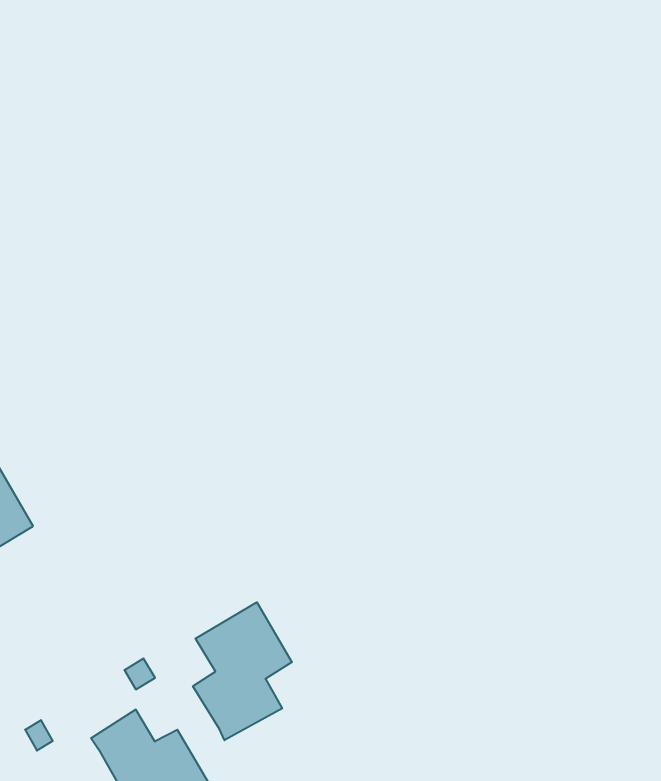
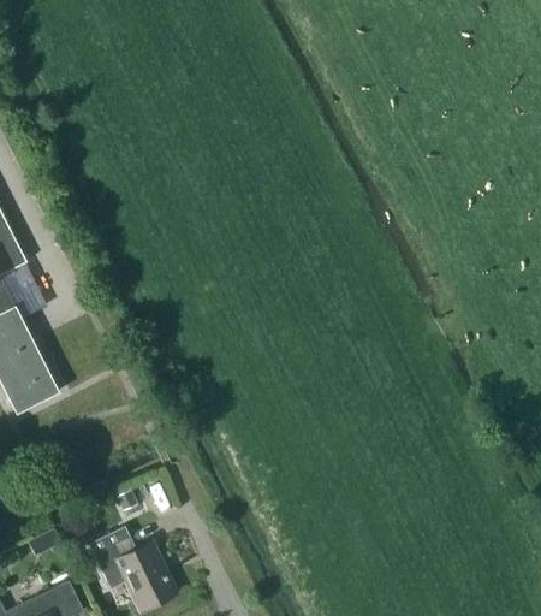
building: [193,602,292,740] -> none

